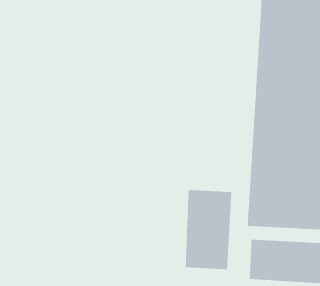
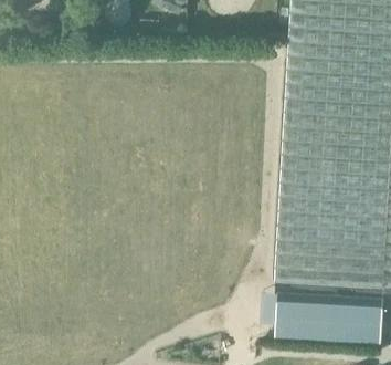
building: [185,189,232,270] -> none

